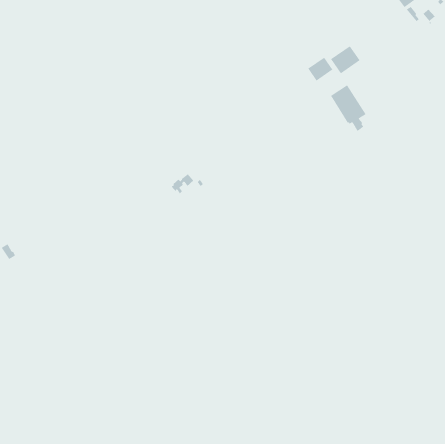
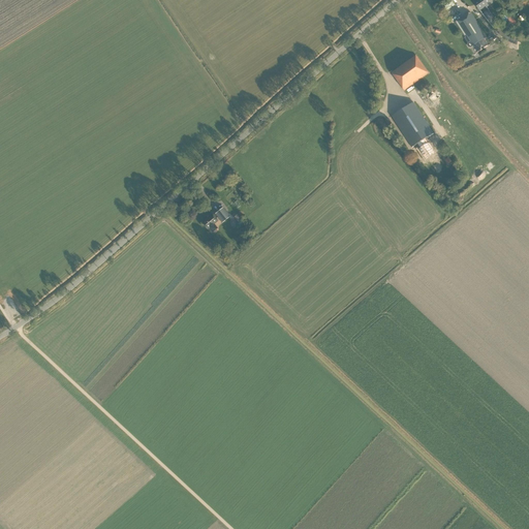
building: none -> [455,11,488,51]
building: [308,57,333,81] -> none

